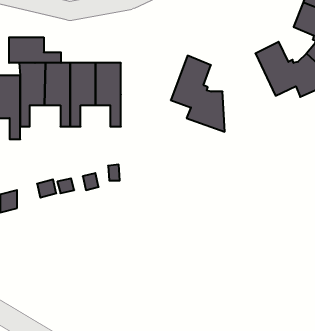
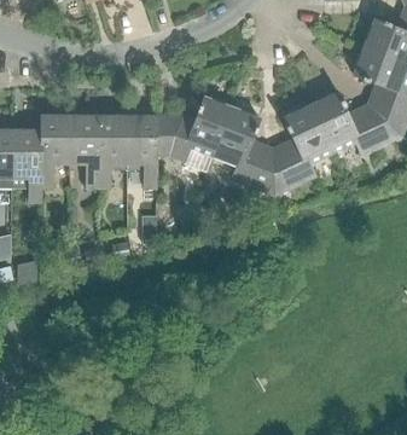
building: [9,37,61,63] -> none
building: none -> [156,95,232,159]
building: none -> [272,104,332,193]

